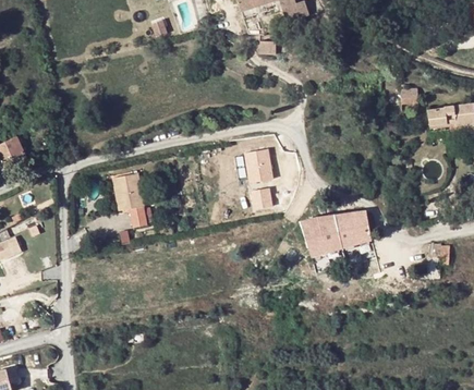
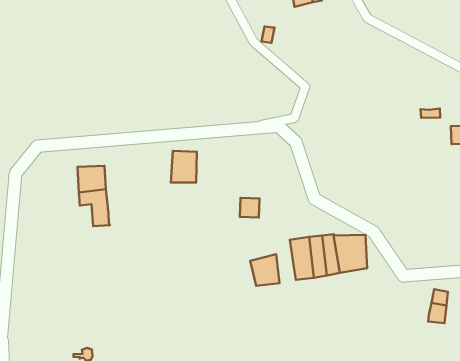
building: [250,149,272,178] -> [171,151,197,182]
building: none -> [250,254,279,286]

